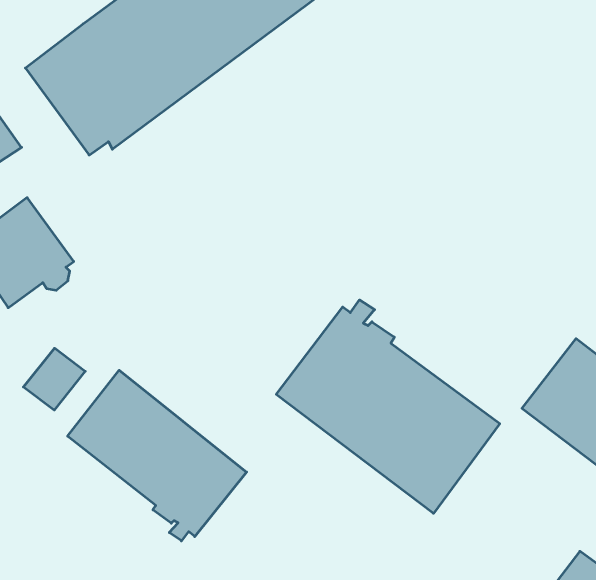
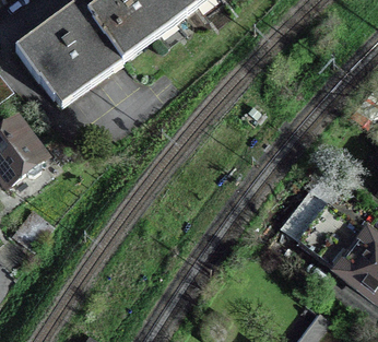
building: [276,300,500,513] -> none
building: [68,370,247,541] -> none

